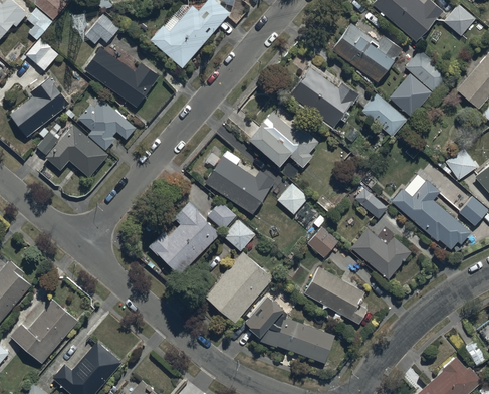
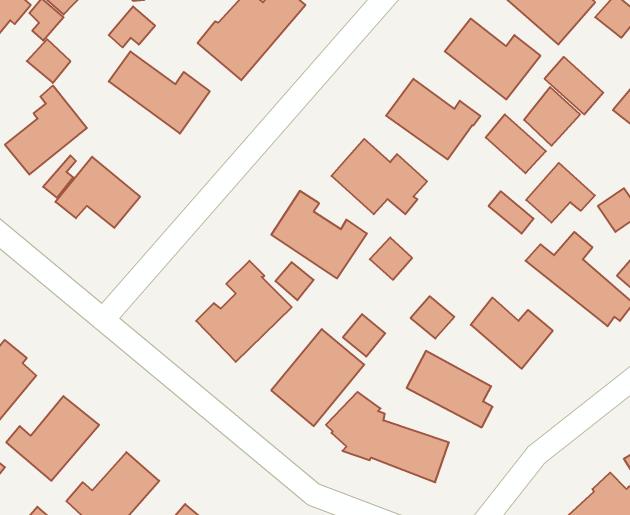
building: [78,100,136,151] -> none
building: none -> [526,163,595,223]
building: [353,188,387,219] -> [489,191,534,234]
building: [223,219,254,250] -> [343,314,385,357]

